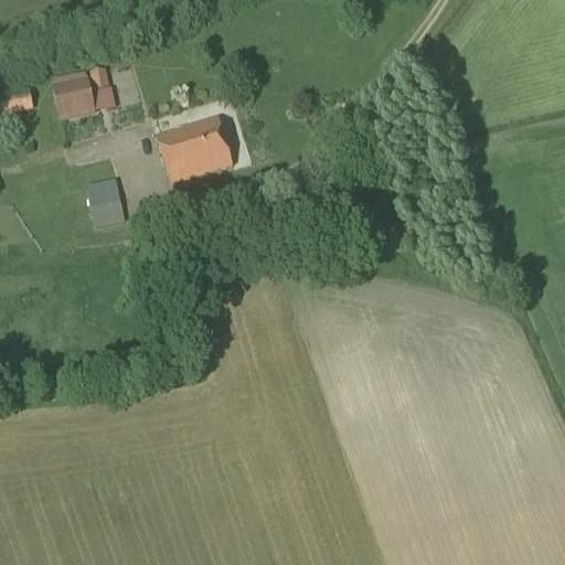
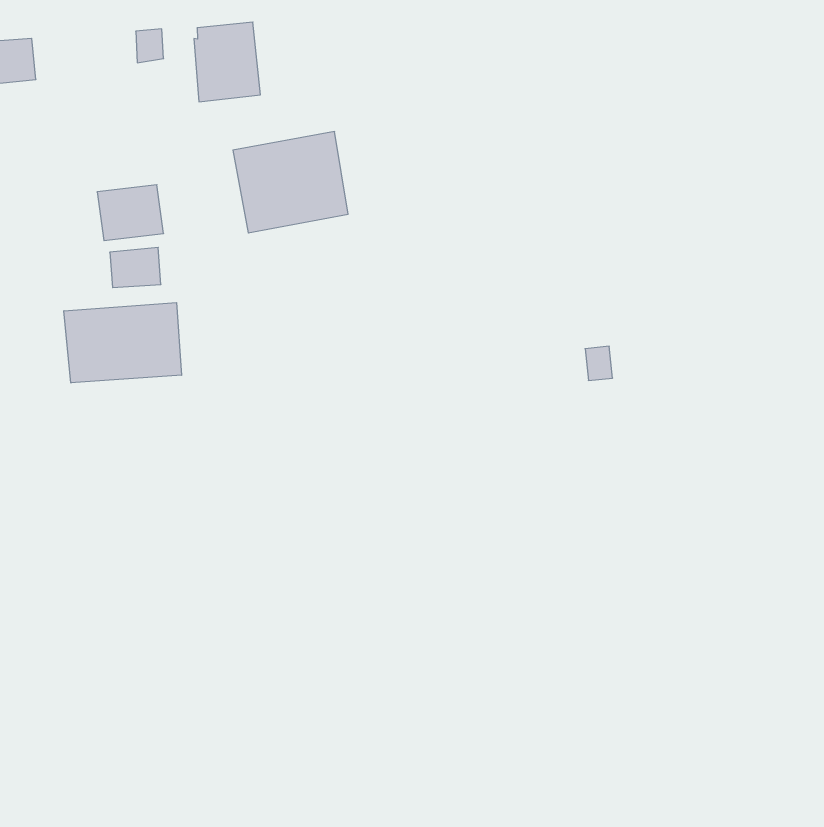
building: [52,70,96,121] -> [194,22,260,102]
building: none -> [64,303,182,383]

